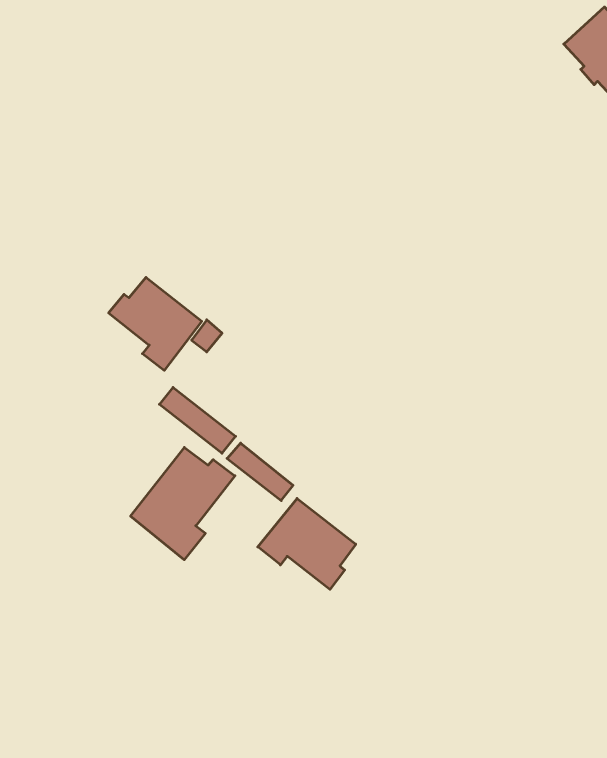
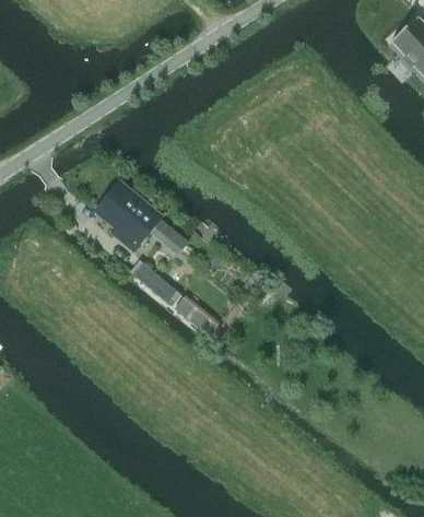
building: [131,447,235,560] -> none
building: [258,498,356,589] -> none

